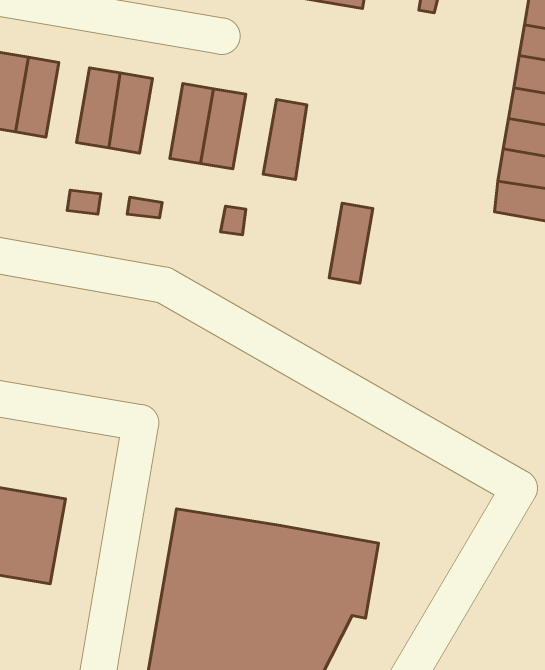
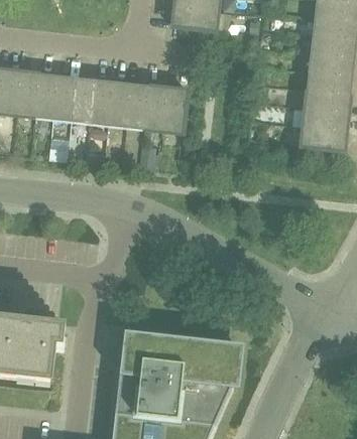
building: none -> [34,72,57,119]
building: none -> [90,79,113,125]
building: [329,203,373,283] -> [145,85,168,131]

